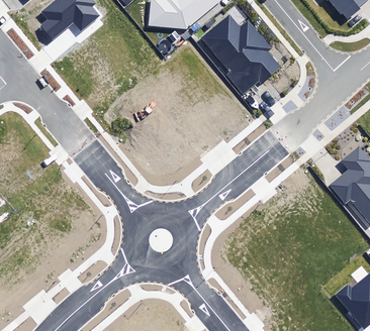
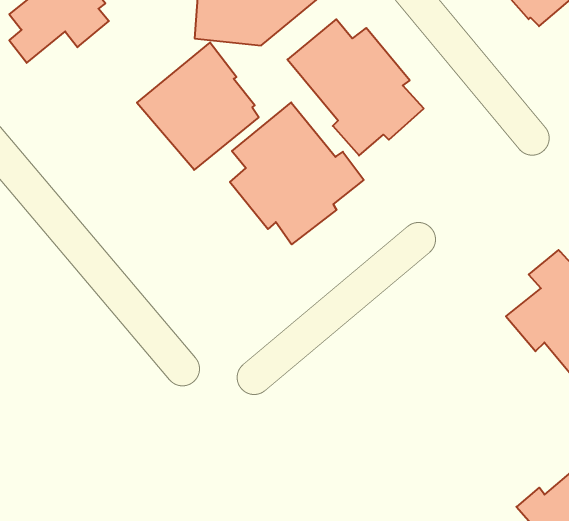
building: none -> [137,42,259,170]
building: none -> [230,102,364,244]

